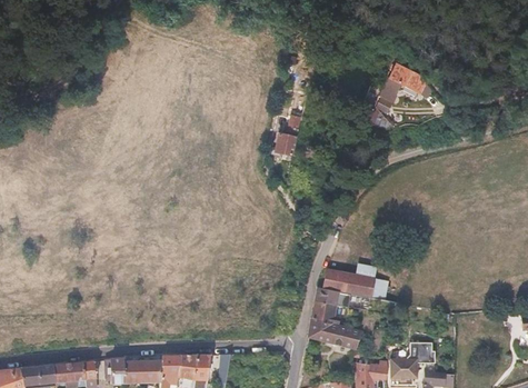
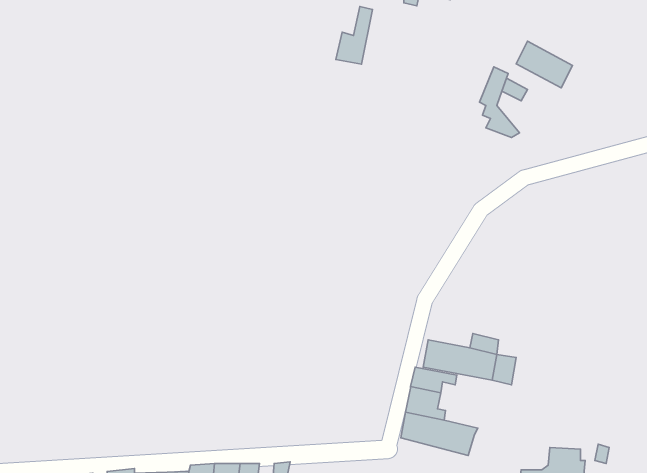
building: [276,116,301,156] -> [336,6,373,64]

